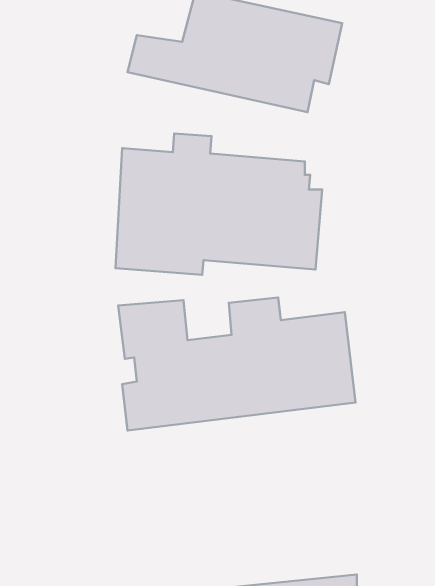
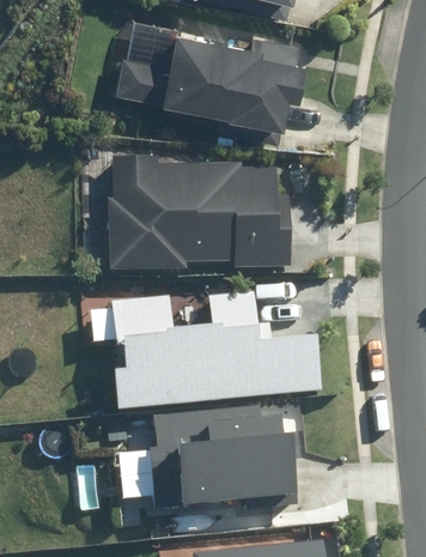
building: none -> [116,410,297,511]

